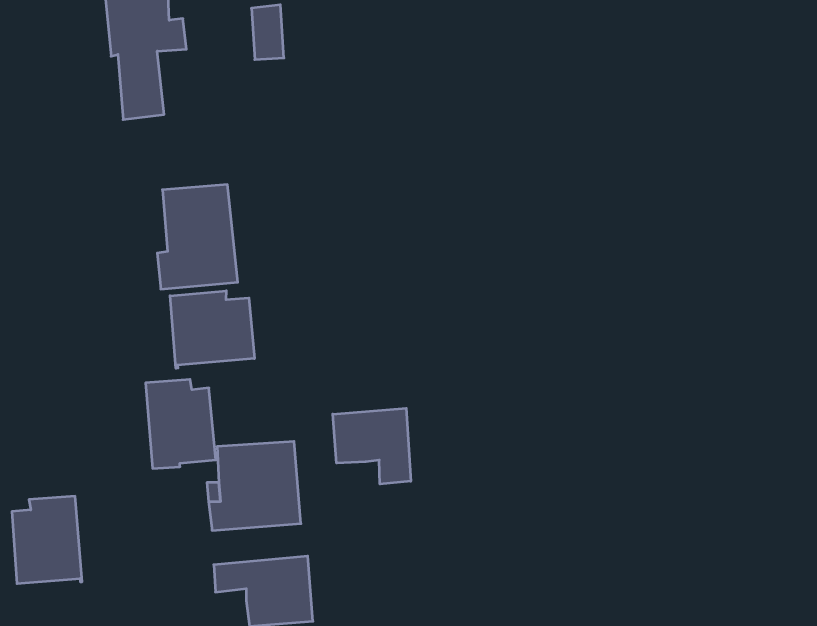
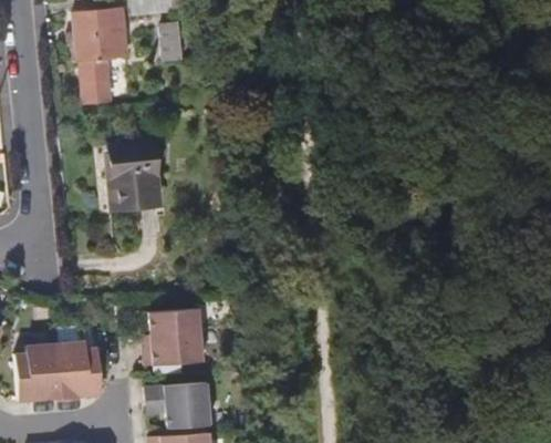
building: [170,291,254,368] -> none
building: [146,379,216,468] -> [55,341,101,399]
building: [333,408,411,484] -> none

